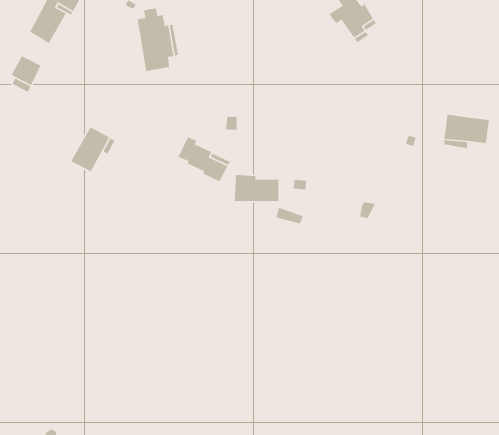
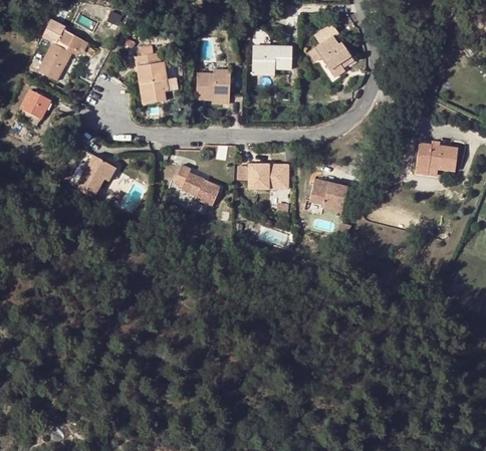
building: none -> [253,47,291,69]
building: none -> [197,74,229,101]
building: none -> [309,179,349,213]
building: [234,174,279,202] -> [249,164,290,189]

